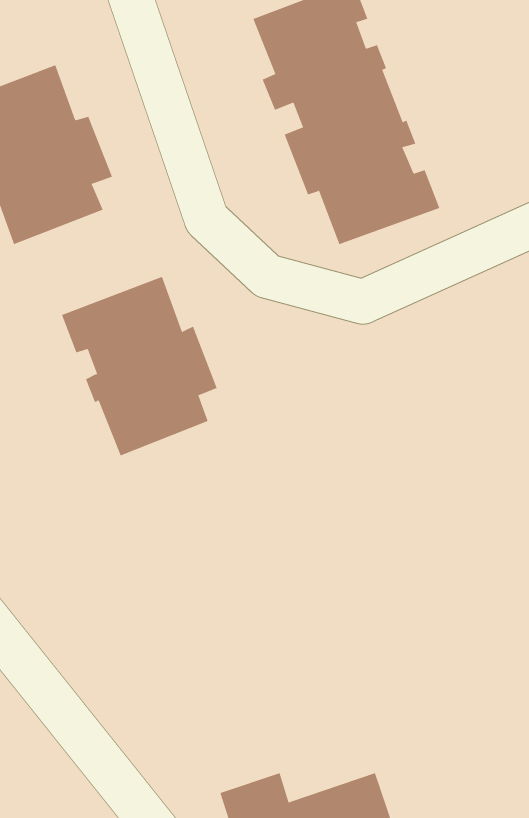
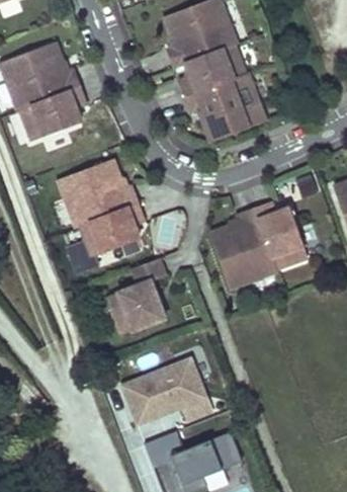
building: none -> [209,203,308,289]
building: none -> [107,258,166,335]
building: none -> [119,352,216,441]

